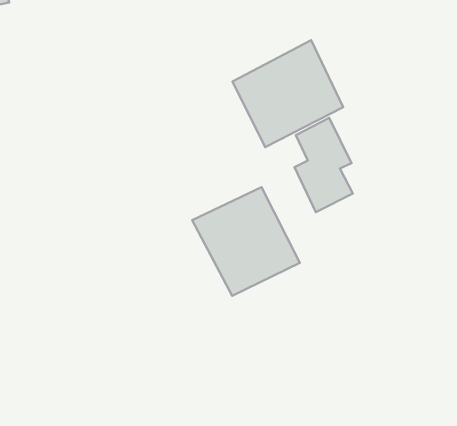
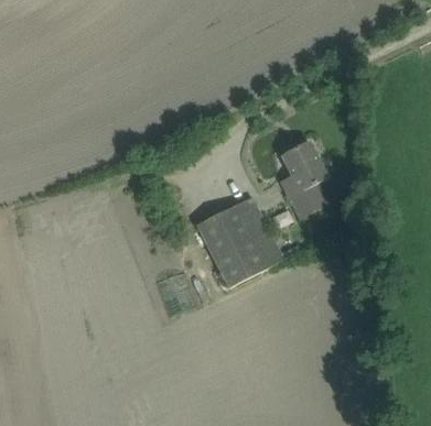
building: [232,40,343,147] -> none

